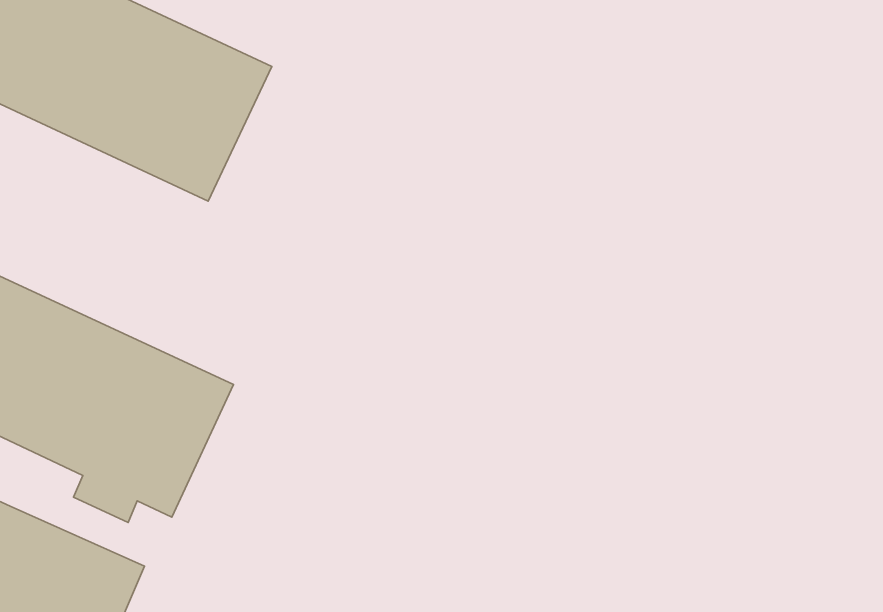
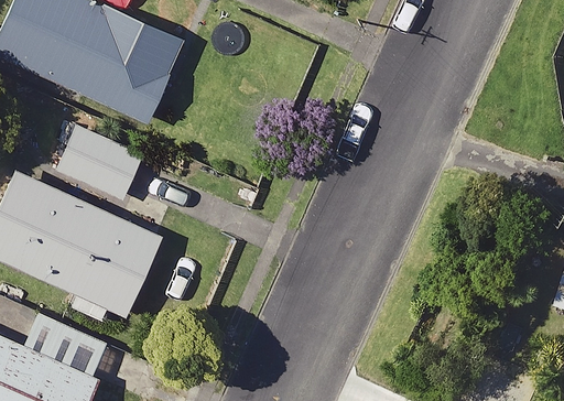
building: none -> [52,122,142,202]

